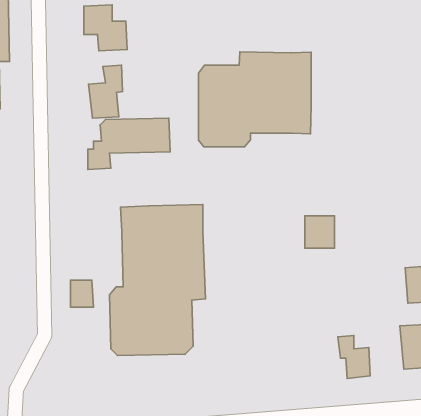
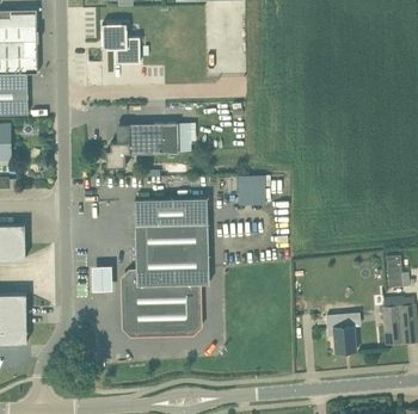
building: [198,52,311,147] -> none
building: [88,65,122,118] -> none
building: [305,216,334,248] -> [238,175,264,204]

